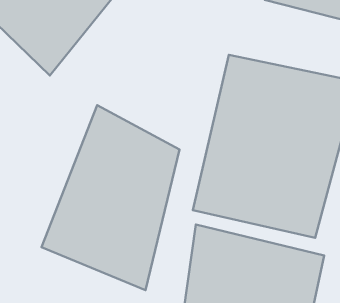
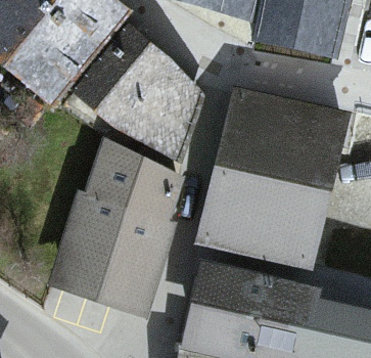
building: none -> [98,42,207,177]

